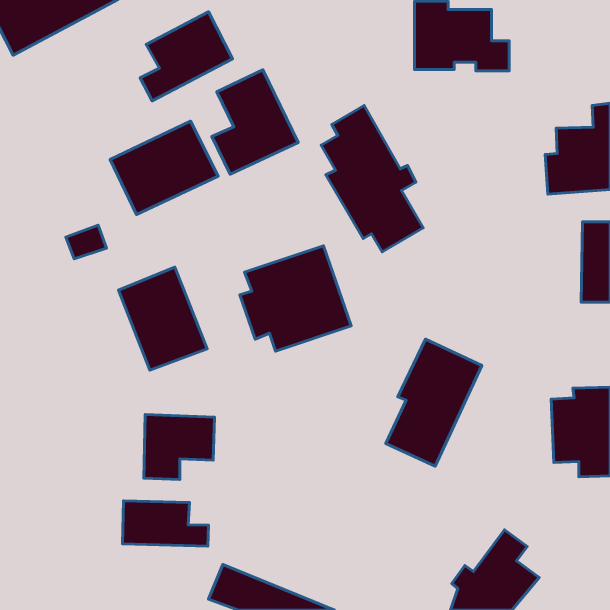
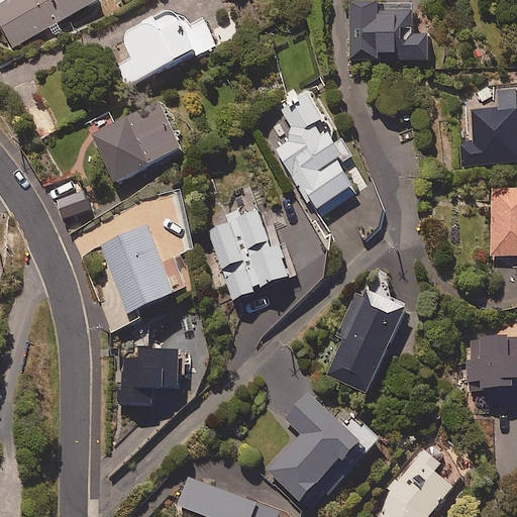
building: [212,70,298,174] -> none
building: none -> [267,393,380,502]
building: [123,501,208,546] -> none

